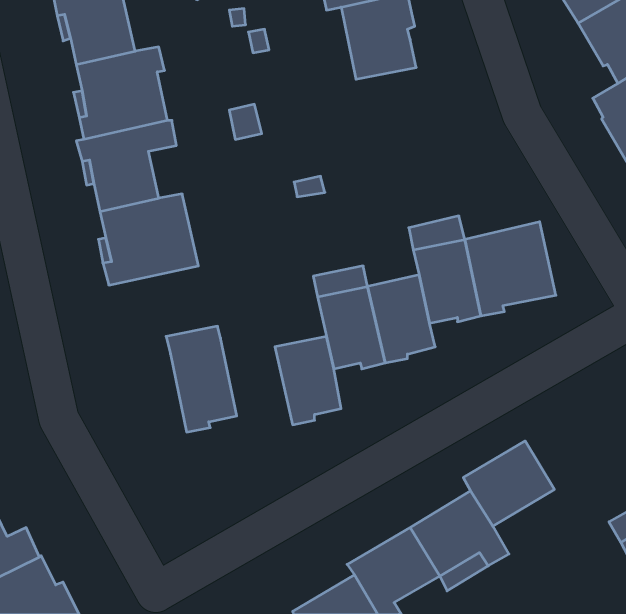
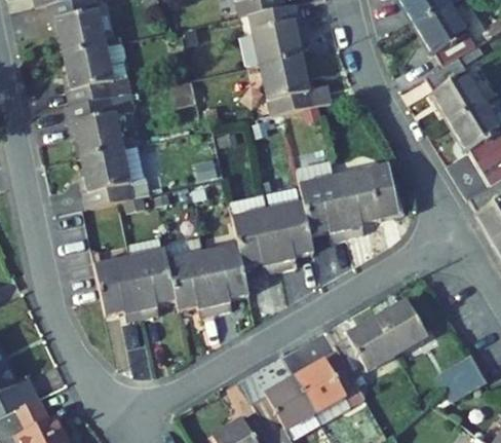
building: none -> [260,56,333,115]
building: none -> [165,236,216,309]
building: none -> [94,256,142,315]
building: none -> [378,299,427,350]

